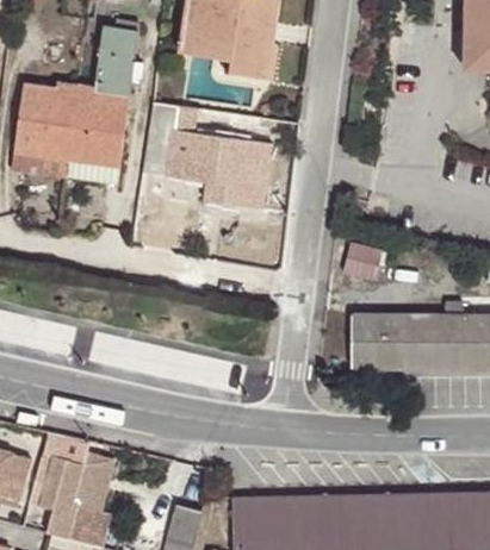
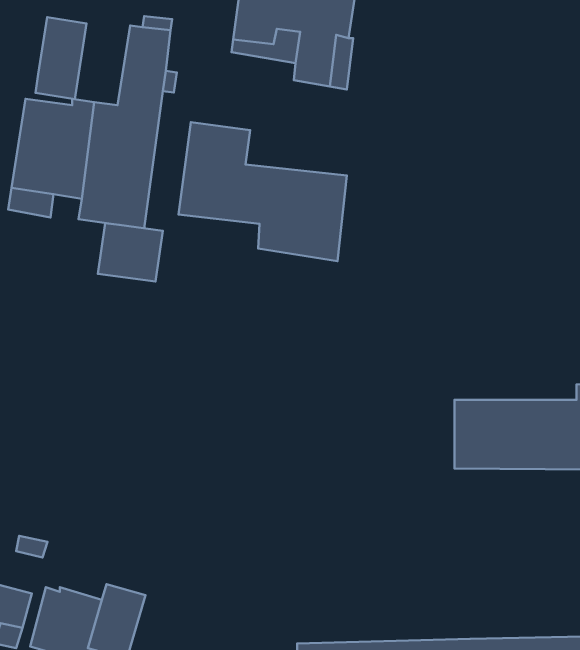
building: none -> [35,17,86,99]
building: none -> [98,223,163,282]
building: [342,239,383,279] -> none

